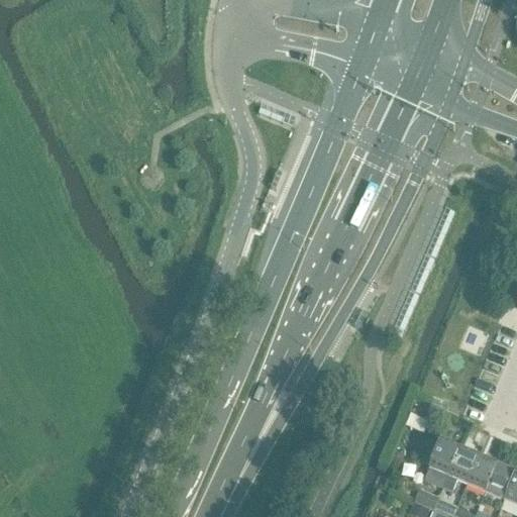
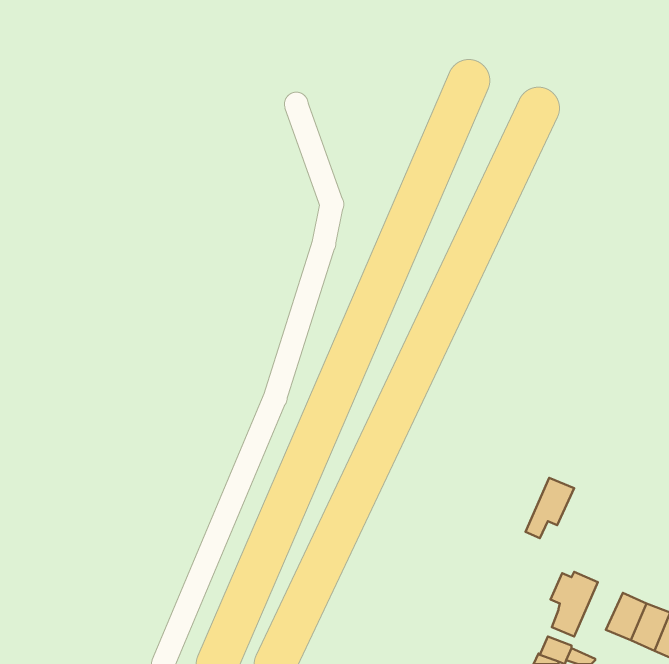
building: [443,446,481,493] -> [525,478,574,538]

